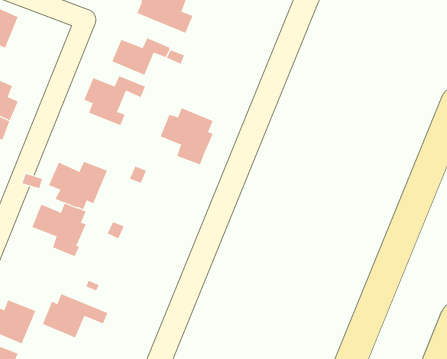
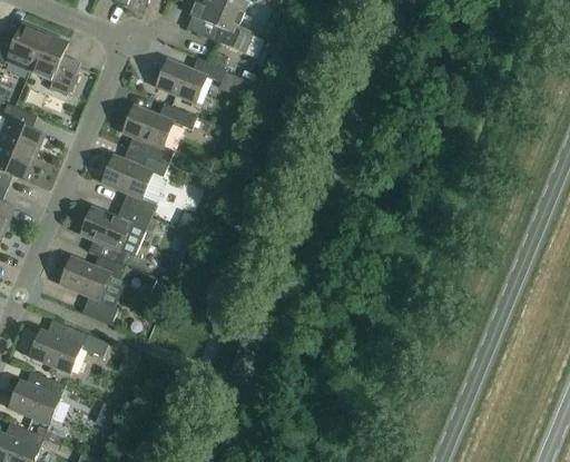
building: none -> [28,32,79,96]
building: [160,108,214,165] -> [101,147,166,216]
building: [42,293,108,338] -> [29,320,108,373]

